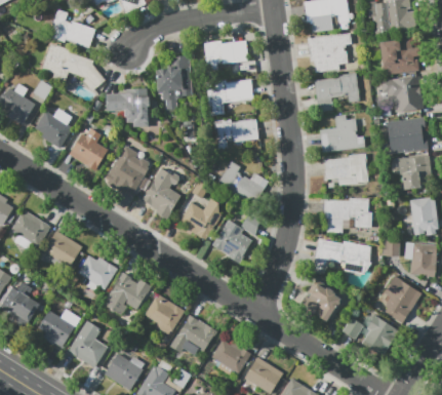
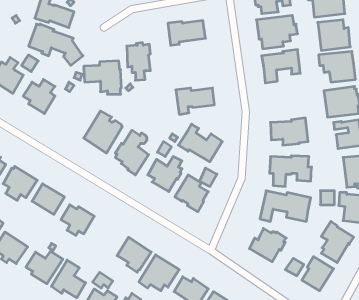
building: [206,80,252,116] -> none
building: [320,115,365,152] -> none
building: [69,127,110,170] -> none
building: [104,273,152,315] -> none

